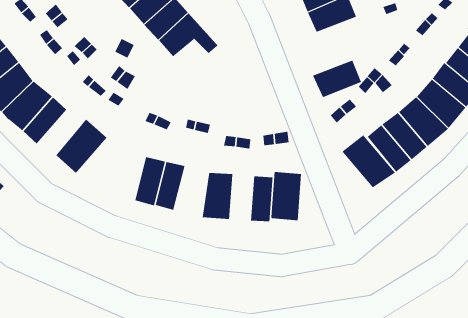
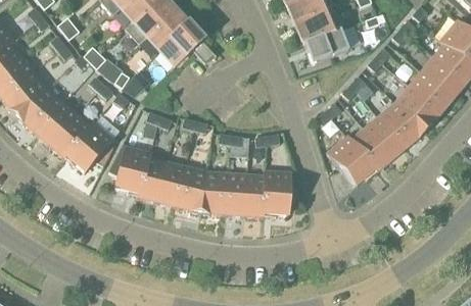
building: [312,60,362,98] -> [303,29,348,63]
building: none -> [49,113,90,157]
building: none -> [114,145,149,196]
building: none -> [174,165,205,211]
building: none -> [225,172,246,214]

